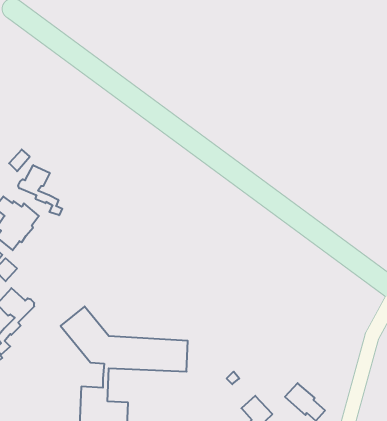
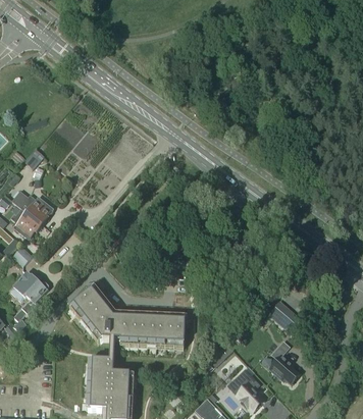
building: [18,165,62,215] -> none
building: none -> [268,299,302,330]

